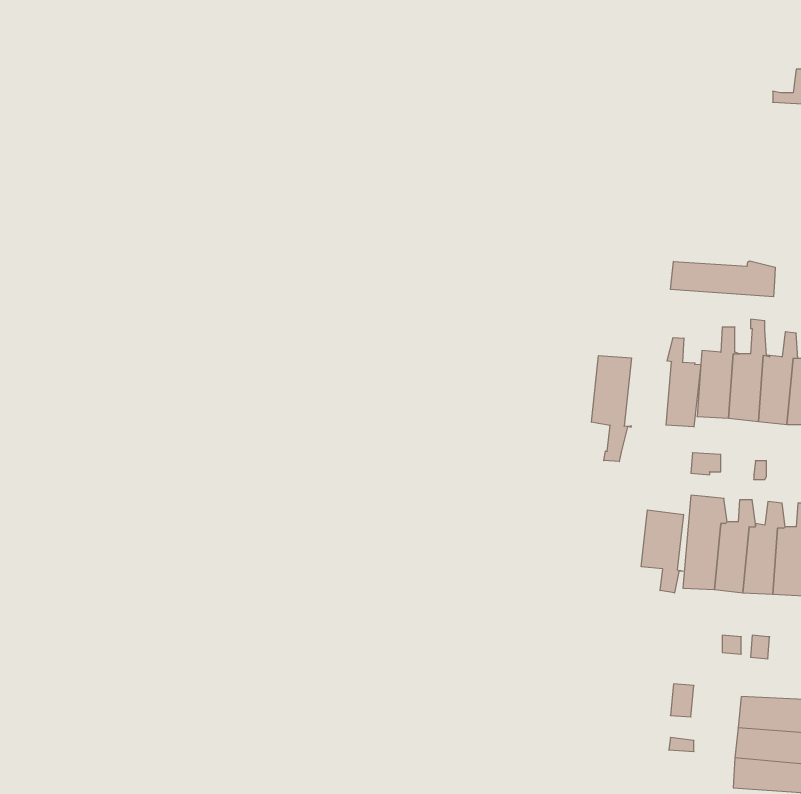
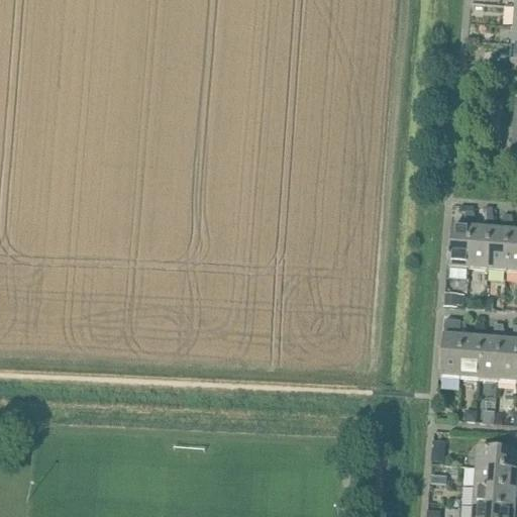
building: [670,261,775,297] -> none
building: [666,338,701,427] -> none
building: [592,356,631,462] -> none
building: [641,510,684,593] -> none

